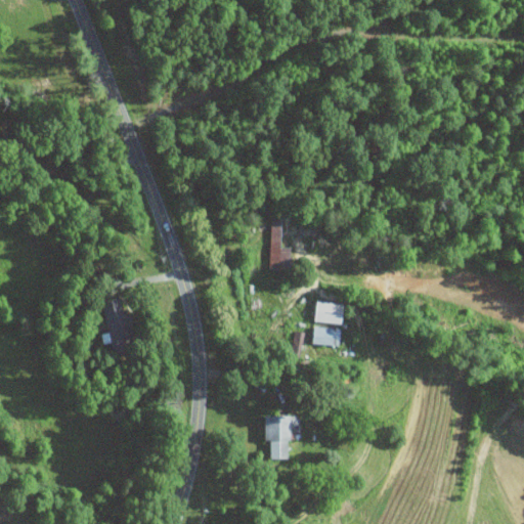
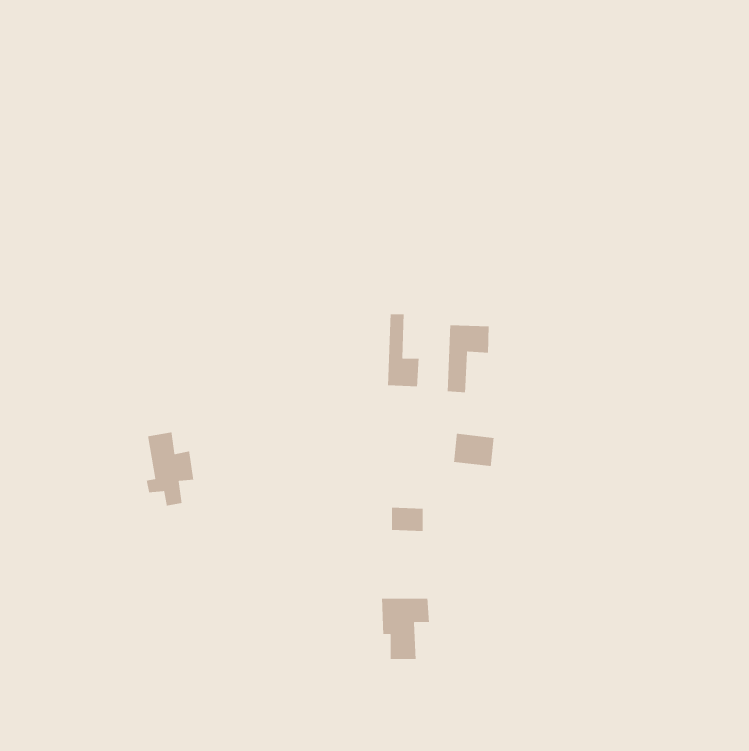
building: none -> [447,324,489,393]
building: [313,329,336,346] -> [391,507,424,532]

